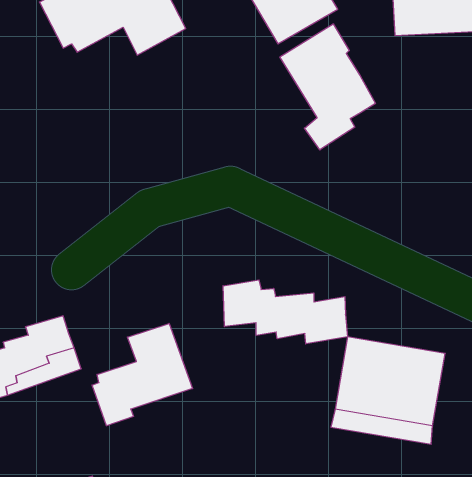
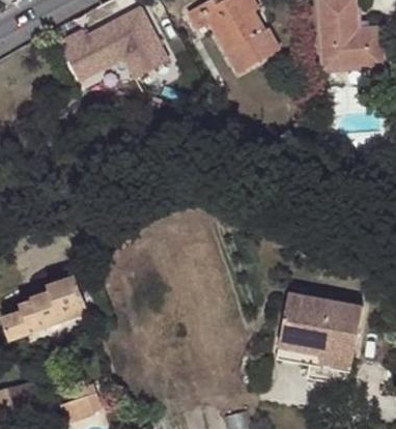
building: [280,24,375,150] -> none
building: [223,280,348,344] -> none
building: [92,323,193,426] -> none

